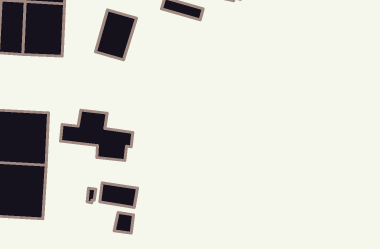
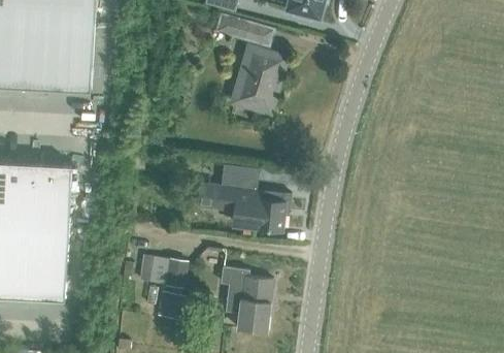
building: [95,10,136,60] -> [233,47,285,111]
building: [61,110,133,161] -> [198,165,291,230]
building: none -> [222,267,273,332]

